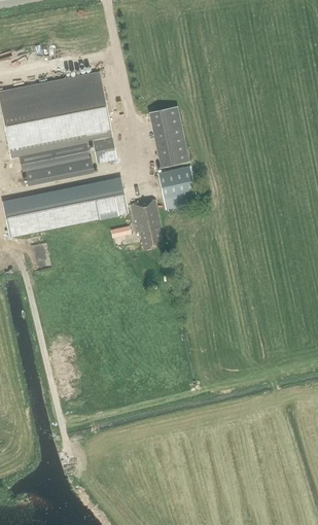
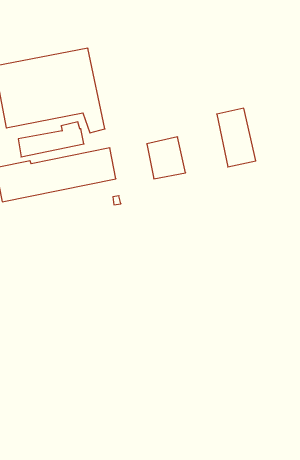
building: [148,105,188,166] -> [217,108,256,167]
building: [130,199,162,248] -> none

